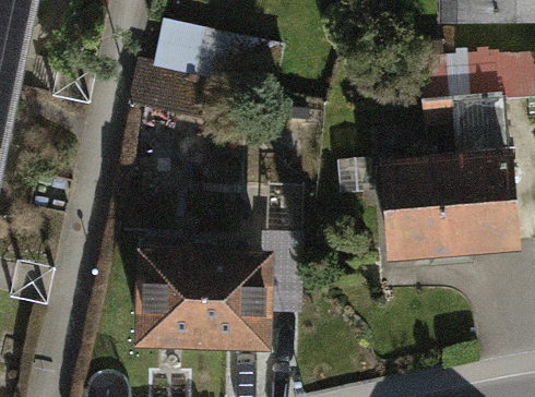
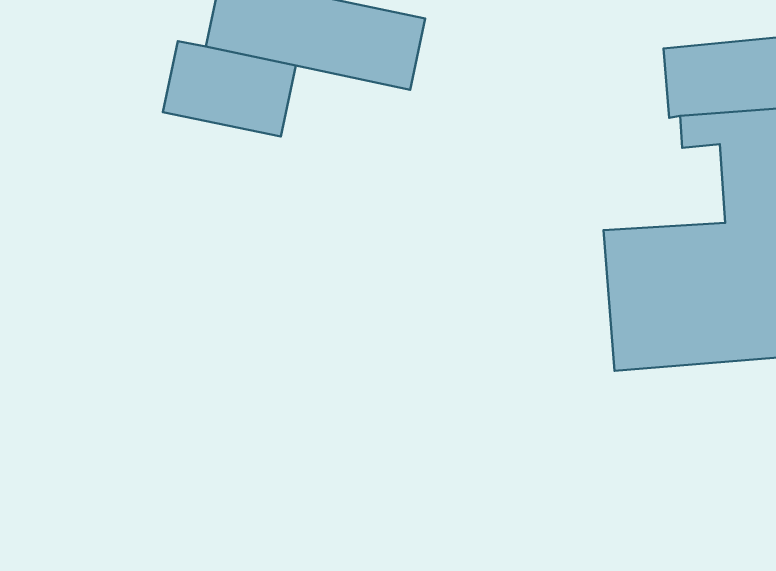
building: [144,258,268,345] -> none

